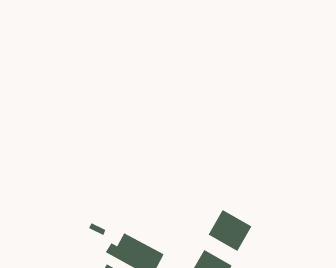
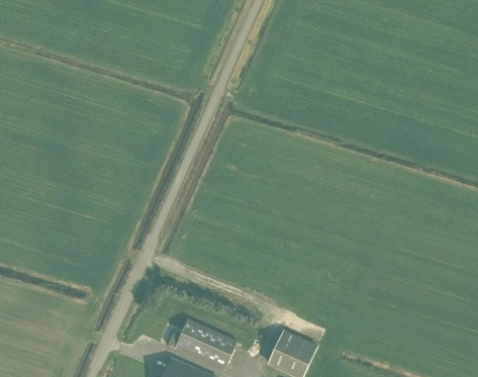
building: [208,209,252,252] -> none

